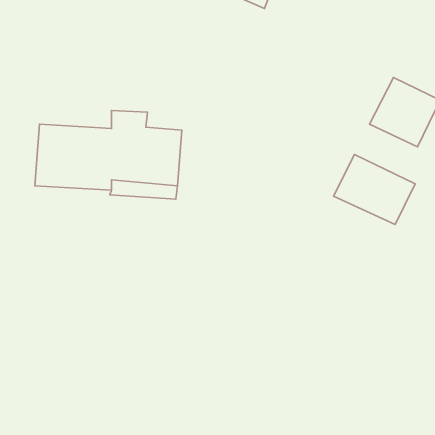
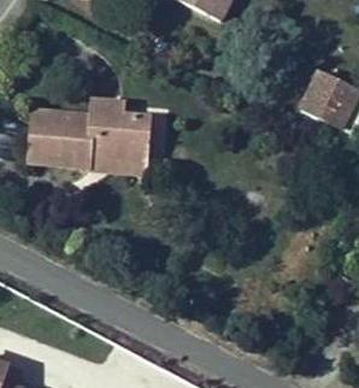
building: [334,155,415,225] -> none

